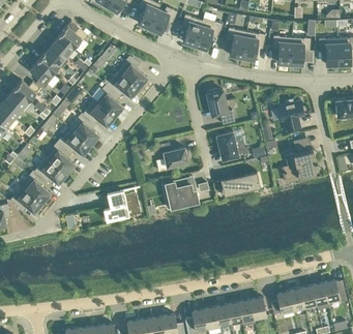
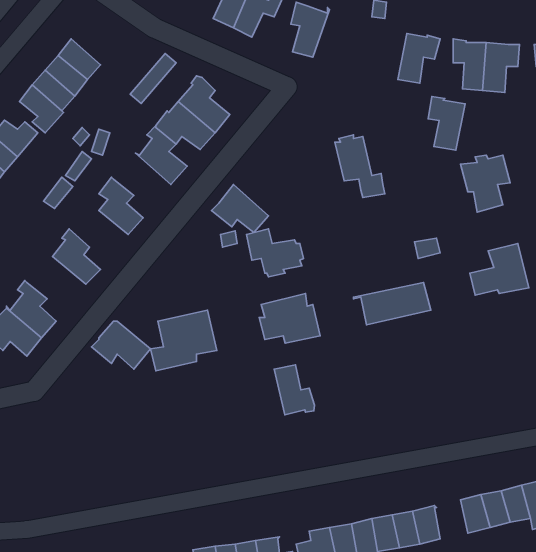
building: [195,19,223,50] -> none
building: [59,21,88,50] -> none
building: [227,28,247,58] -> [428,97,465,150]
building: [83,99,115,126] -> [211,185,269,233]
building: [58,128,91,155] -> none
building: [217,131,248,159] -> none
building: [34,157,67,184] -> [91,321,150,369]
building: none -> [274,365,315,415]

